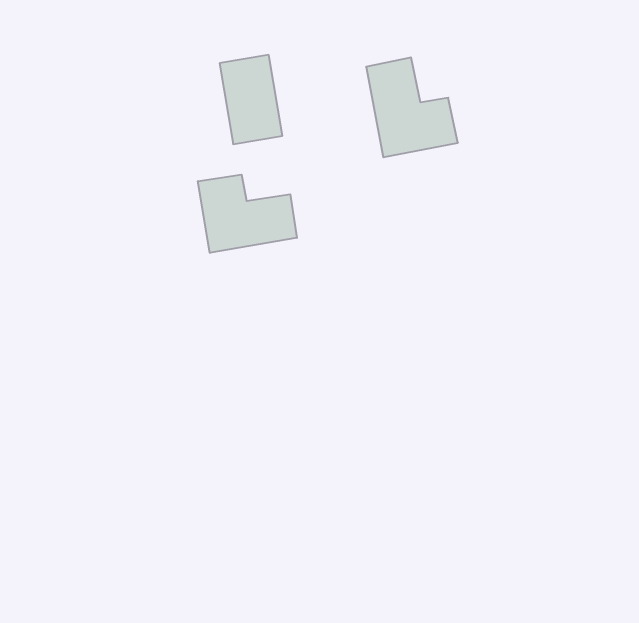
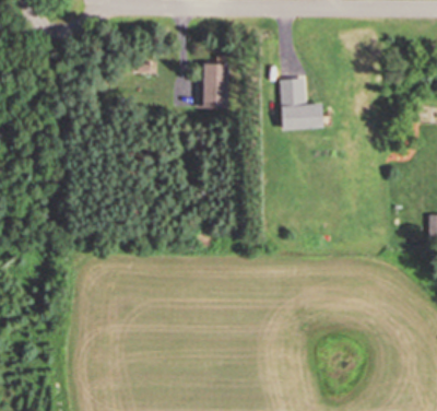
building: [198,175,297,253] -> none

